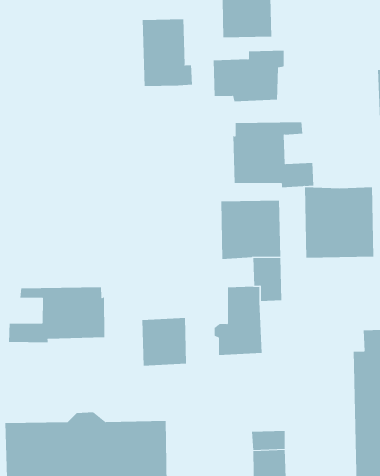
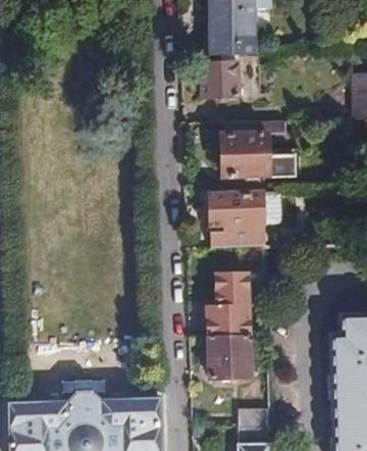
building: [142,18,192,87] -> none
building: [304,186,374,259] -> none
building: [9,286,105,343] -> none
building: [142,318,187,366] -> [207,336,249,381]

